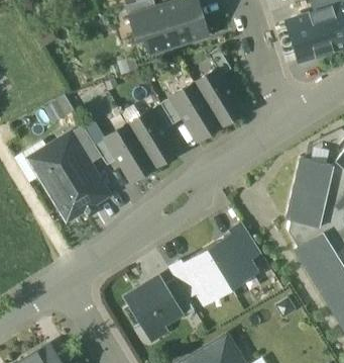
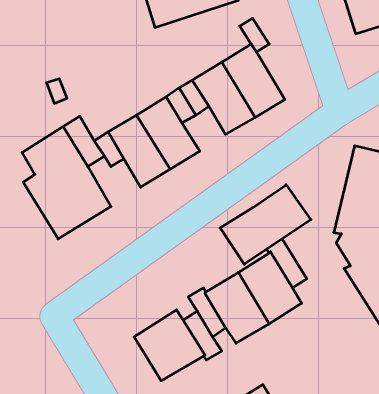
building: none -> [220,185,311,264]

